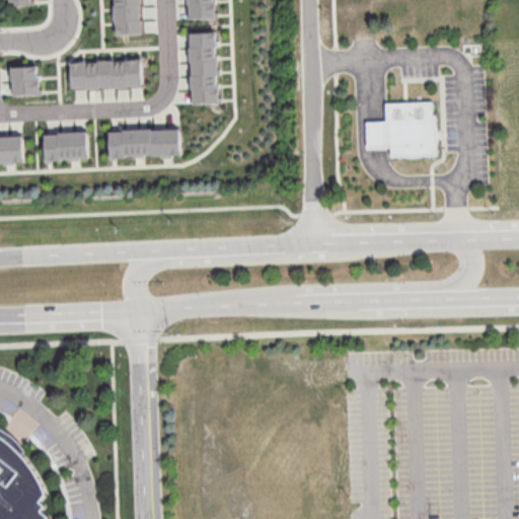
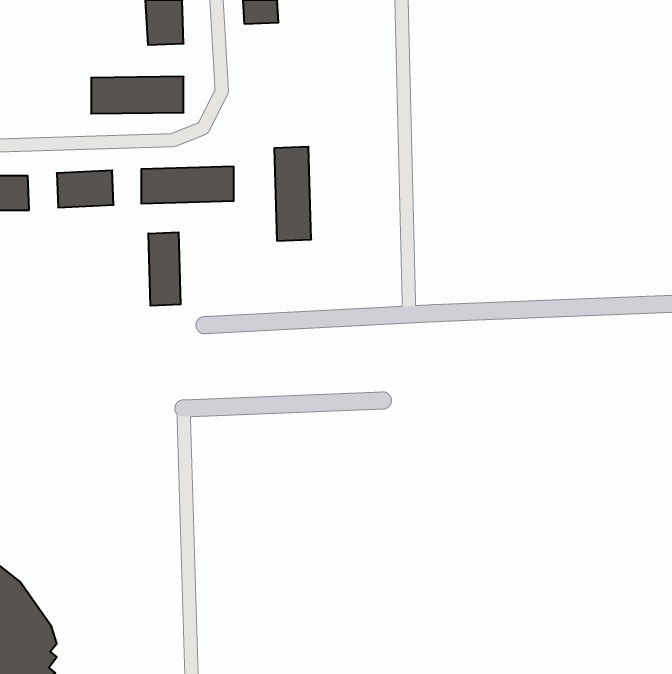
building: [189,32,217,104] -> [274,147,311,241]
building: [10,66,39,96] -> none
building: [363,101,436,158] -> none
building: none -> [148,232,181,306]

